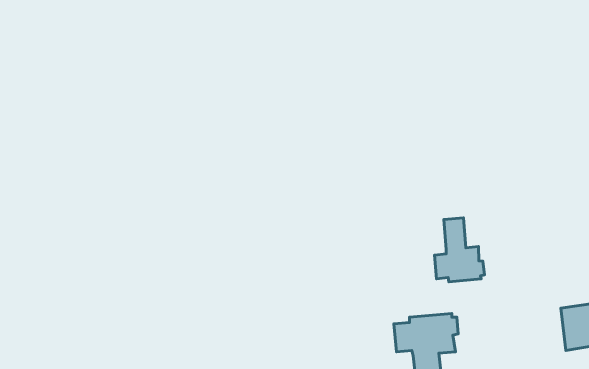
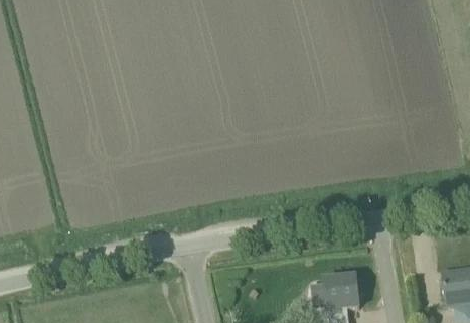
building: [434,218,484,282] -> none

